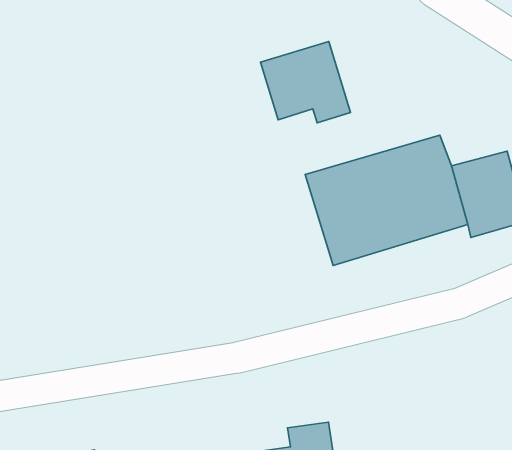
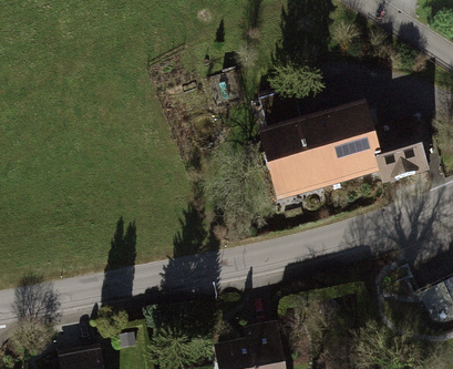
building: [260,42,351,123] -> none

